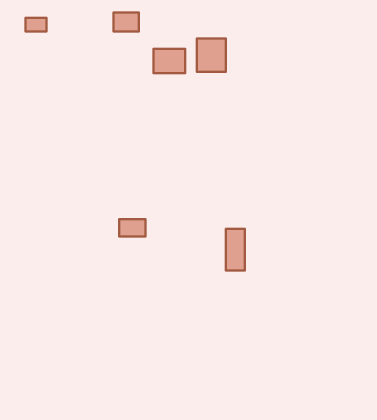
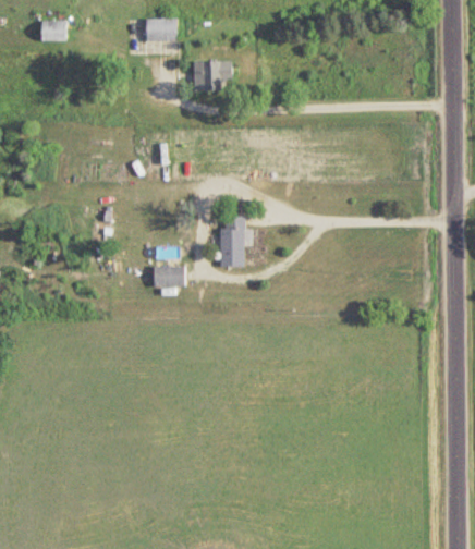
building: [197,38,226,72] -> none
building: [226,229,245,271] -> [221,217,244,267]

